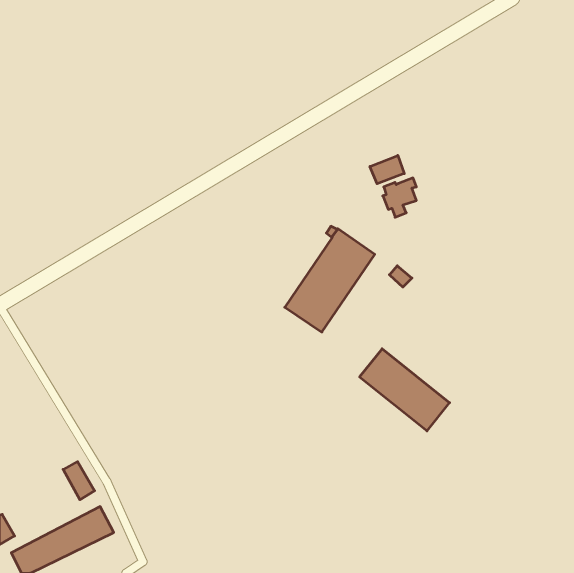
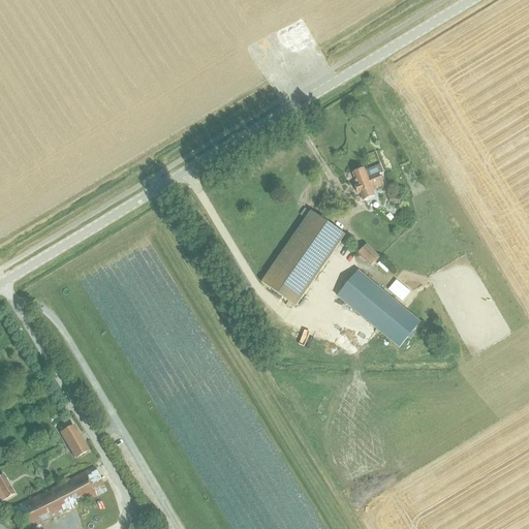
building: [370,155,404,184] -> none
building: [360,349,450,431] -> [337,270,419,345]

